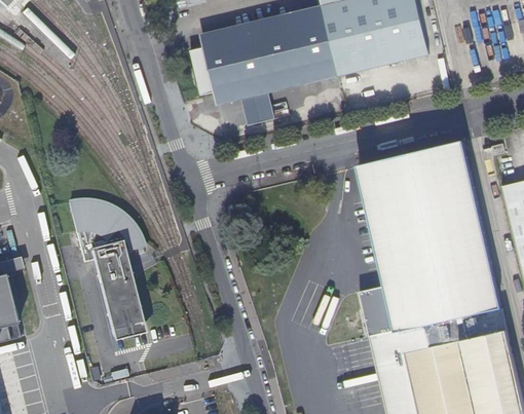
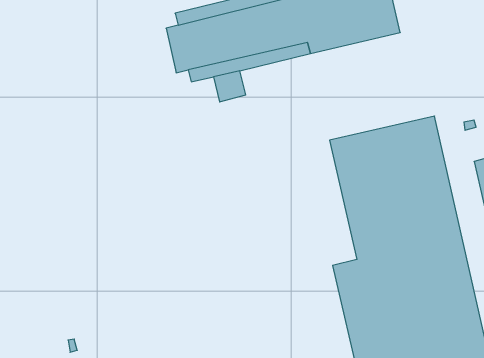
building: [67,200,144,336] -> none

